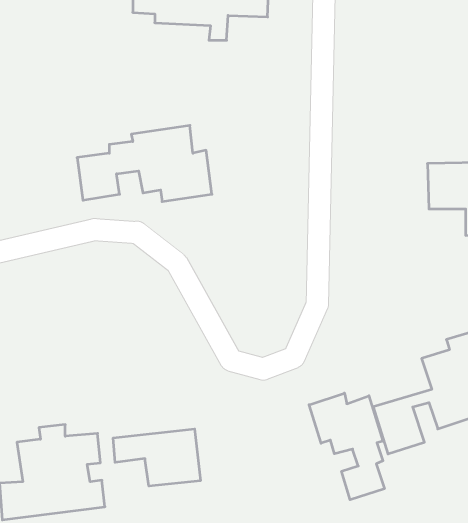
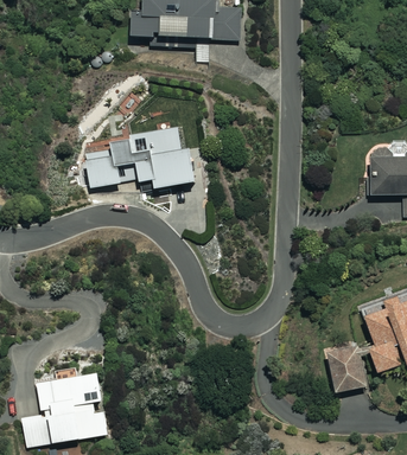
building: [309,393,384,500] -> none
building: [113,429,200,486] -> none

